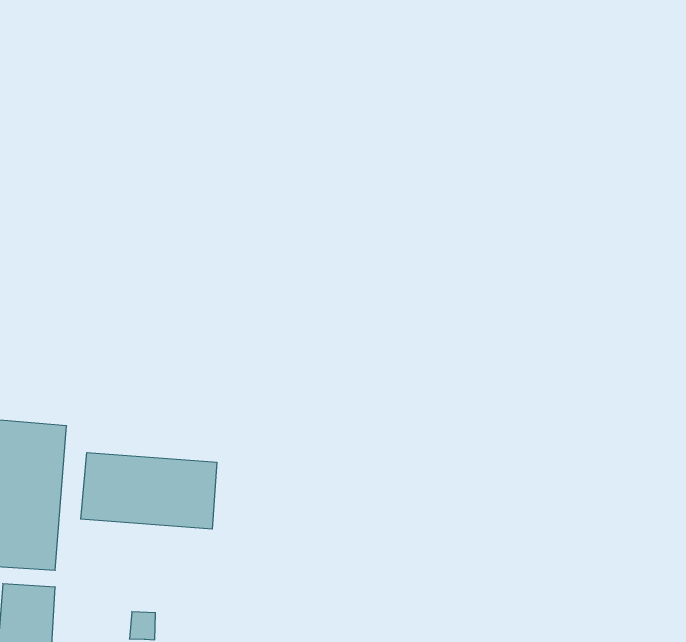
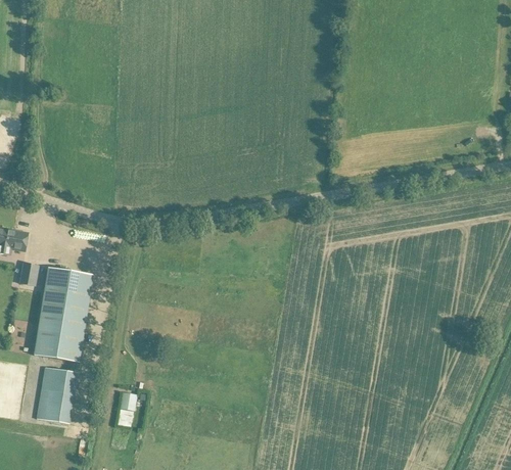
building: [81,453,217,529] -> none

